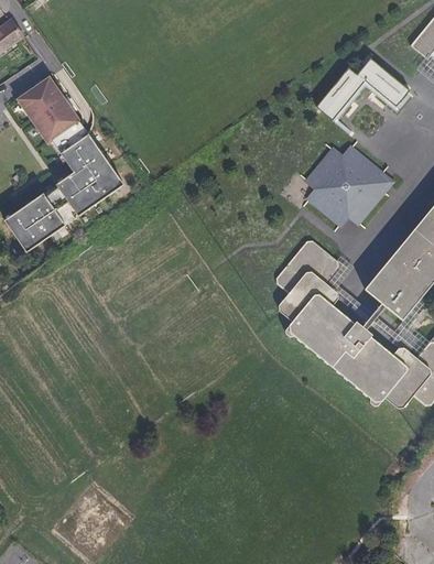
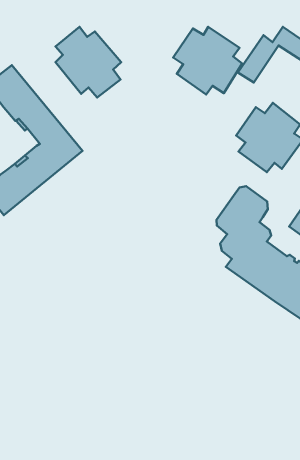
building: none -> [55,27,121,98]
building: none -> [173,27,242,94]

